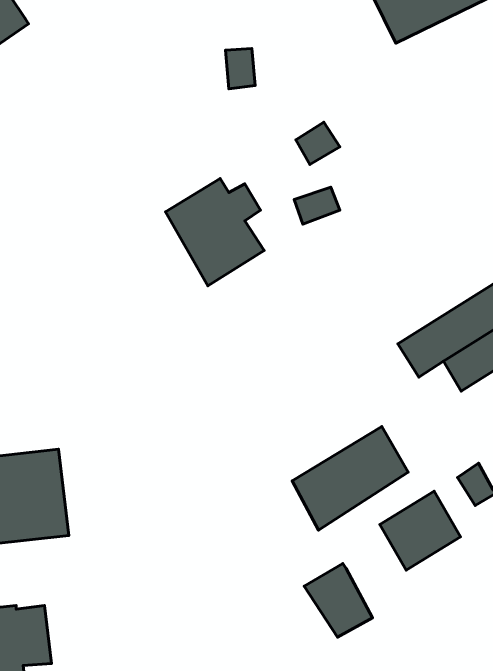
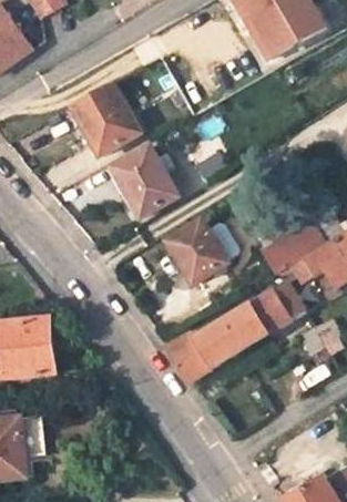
building: none -> [70,88,132,156]
building: none -> [174,223,225,281]
building: [380,491,461,570] -> [251,284,302,334]
building: [304,563,373,637] -> [167,336,211,382]

